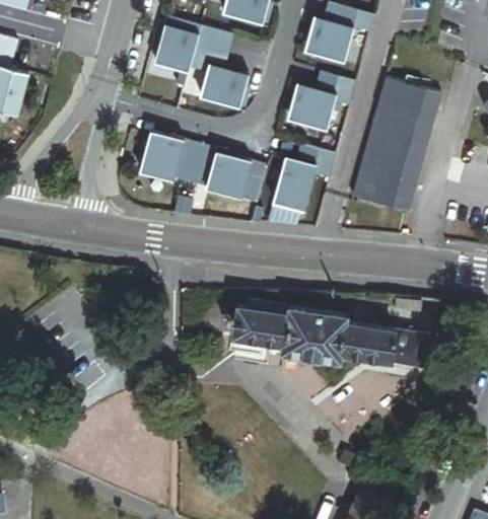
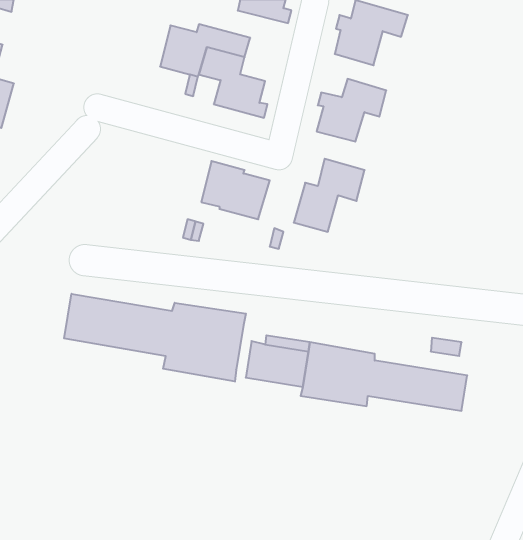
building: [352,80,440,214] -> none
building: [140,138,199,182] -> none
building: none -> [64,294,246,382]

